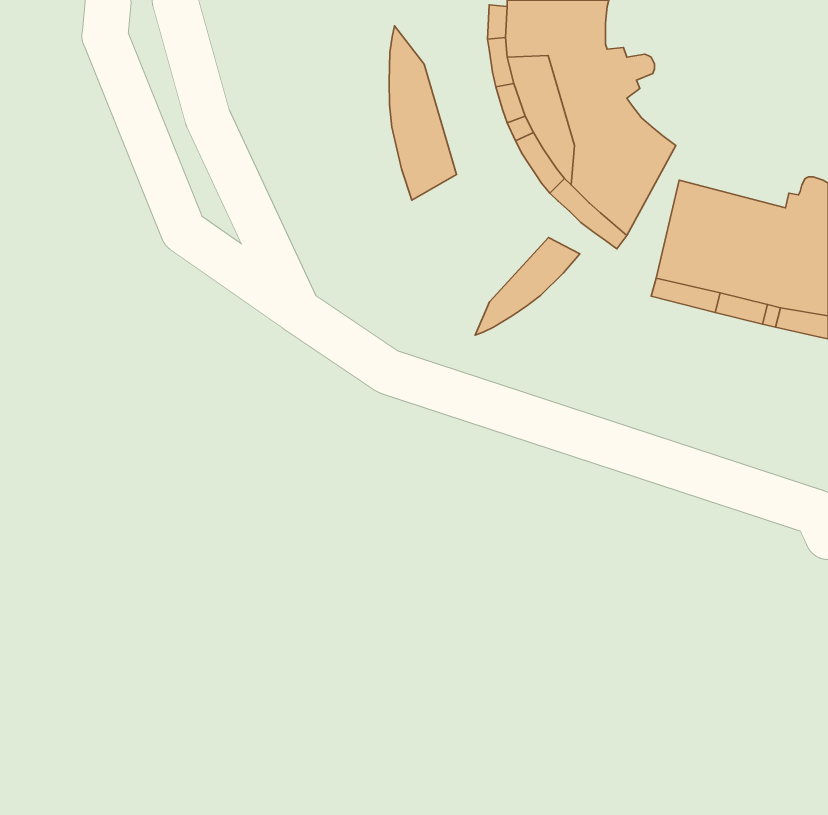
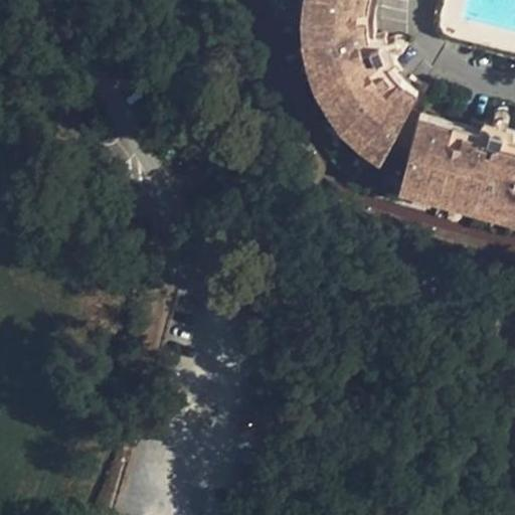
building: [389,26,456,200] -> none
building: [475,238,580,335] -> none

